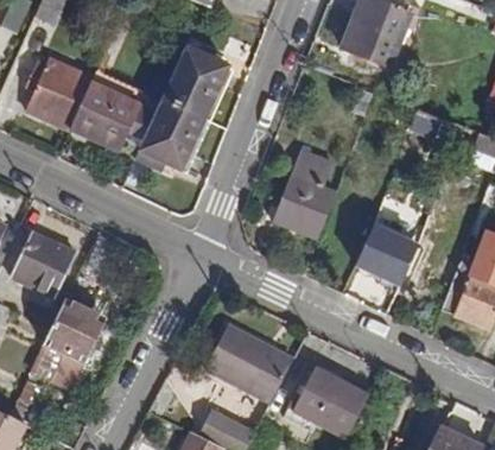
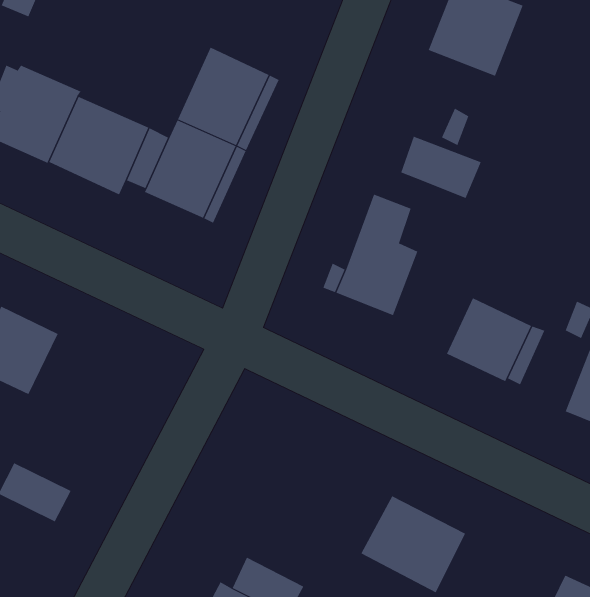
building: none -> [401,136,481,199]
building: [43,297,107,365] -> none
building: [204,325,293,403] -> none

